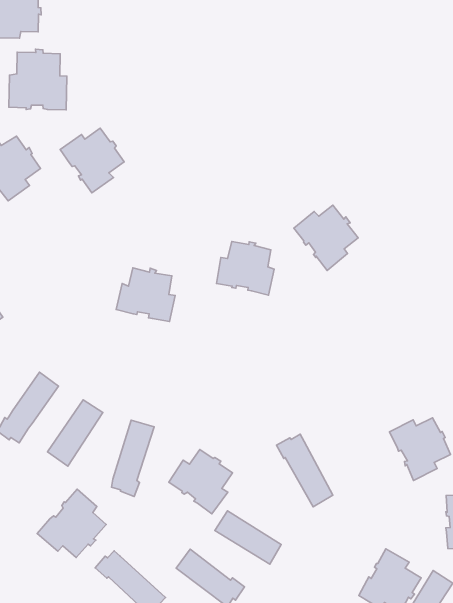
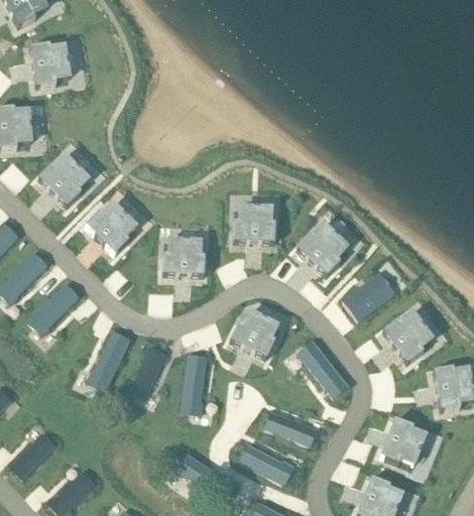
building: [9,49,67,110] -> none
building: [60,128,124,193] -> [86,205,135,254]
building: [294,205,358,270] -> [297,227,346,276]
building: none -> [343,272,394,319]
building: [169,450,232,514] -> [230,312,276,359]
building: [37,489,106,558] -> none

